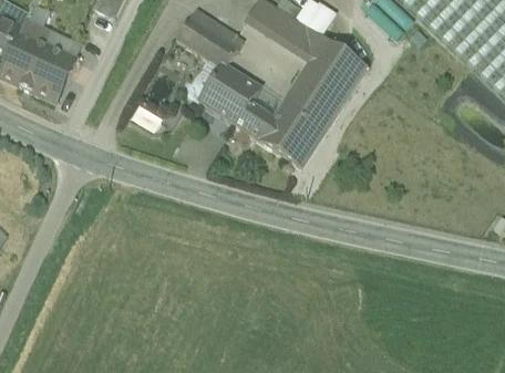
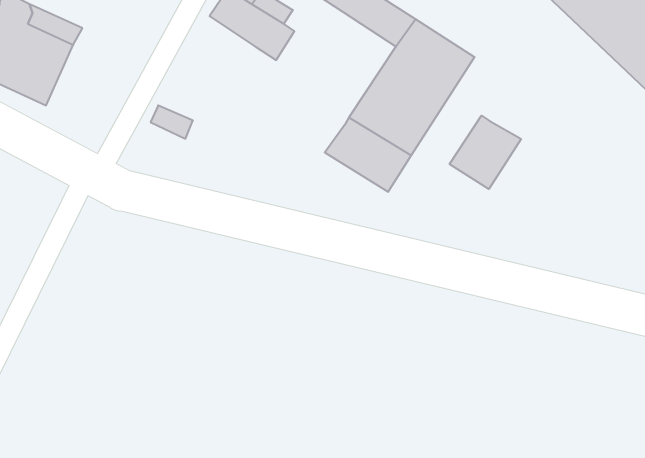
building: [199,58,274,135] -> none
building: none -> [450,116,521,189]

